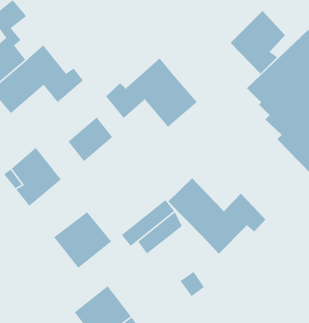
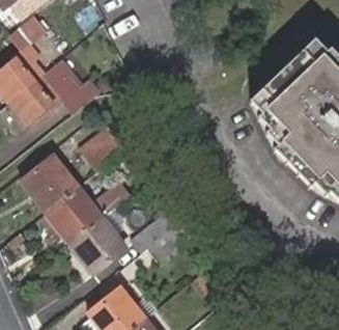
building: [230,10,286,75] -> none
building: [105,58,198,128] -> none
building: none -> [46,182,126,241]
building: [167,177,266,255] -> none

